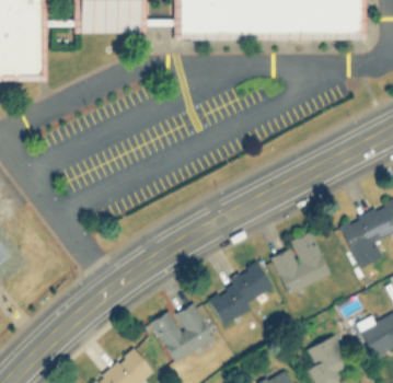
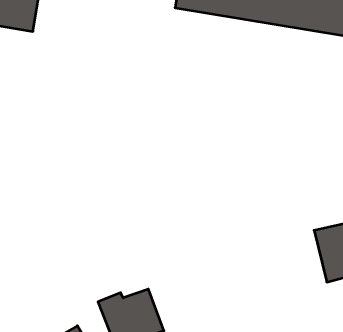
building: [271,231,332,293] -> none
building: [206,263,276,323] -> none

